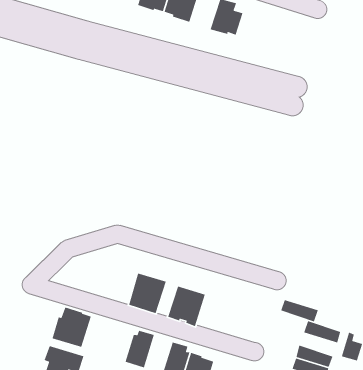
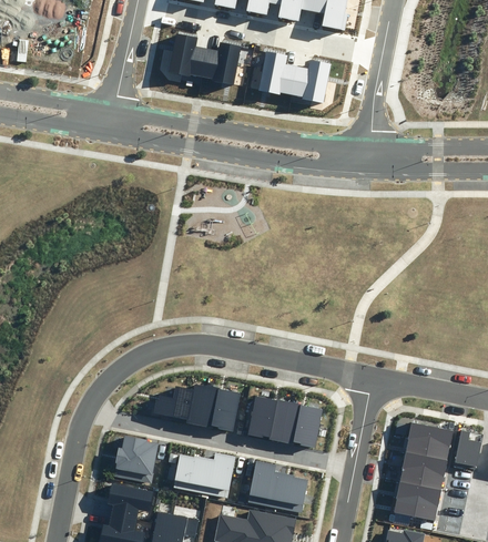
building: none -> [289,60,329,103]
building: none -> [152,384,205,426]
building: none -> [281,402,322,448]
building: [280,299,319,322] -> [405,434,450,458]
building: none -> [173,454,209,493]

